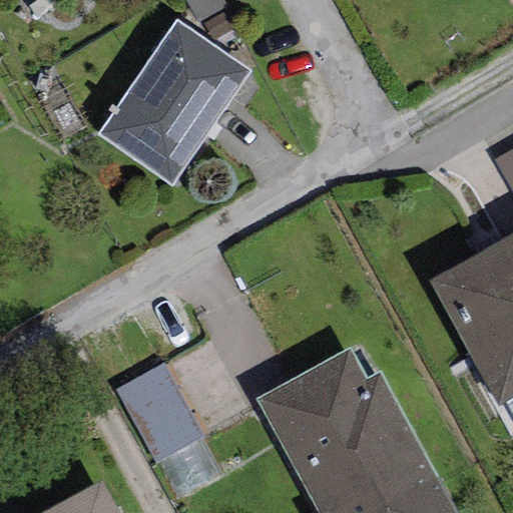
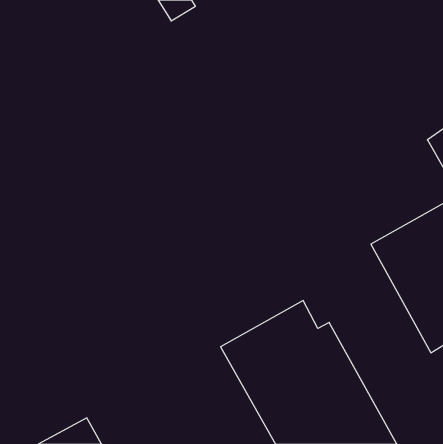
building: [98,22,249,184] -> none
building: [117,366,202,462] -> none

